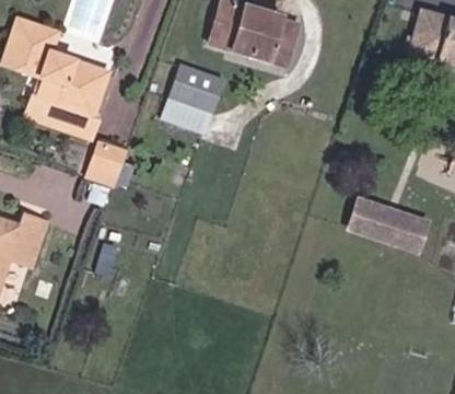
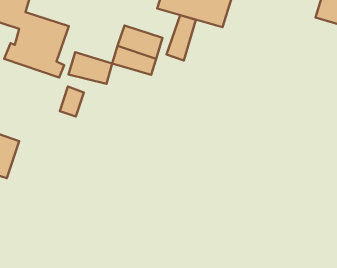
building: none -> [167,15,196,60]
building: none -> [68,52,112,84]
building: [342,209,420,259] -> none

